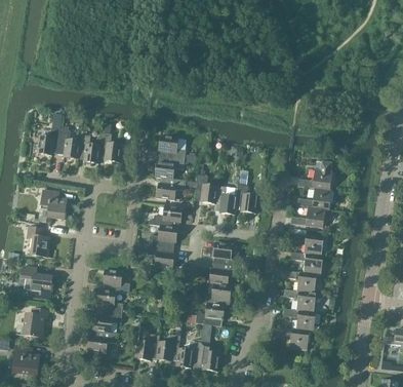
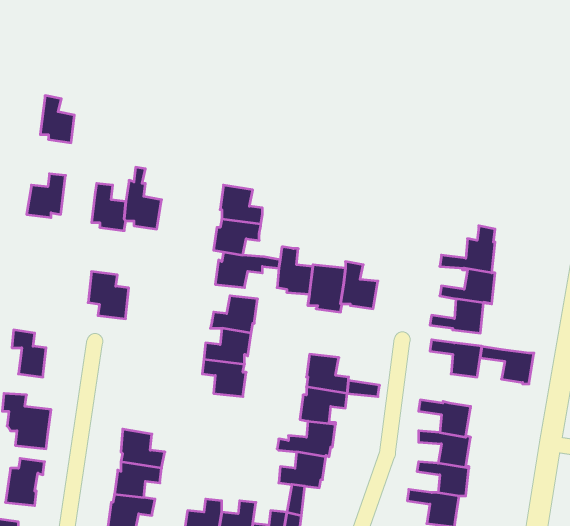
building: [58,128,80,158] -> [40,96,74,143]
building: [41,189,67,219] -> [88,272,129,319]
building: [290,251,324,275] -> [480,347,534,384]
building: [103,269,130,293] -> none

